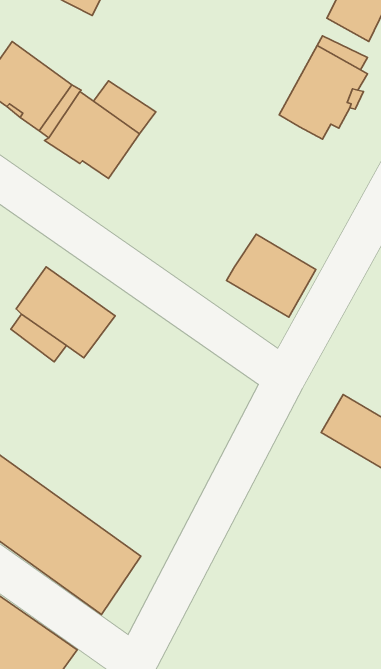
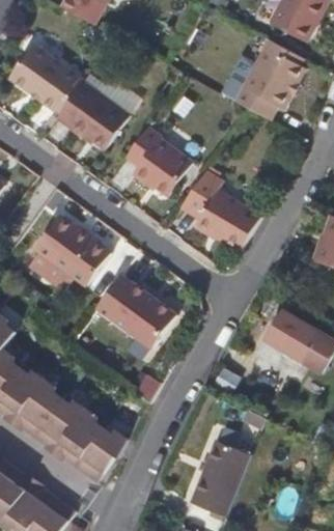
building: none -> [123,124,189,193]
building: none -> [180,167,223,215]
building: none -> [94,273,173,346]
building: none -> [192,443,253,518]

